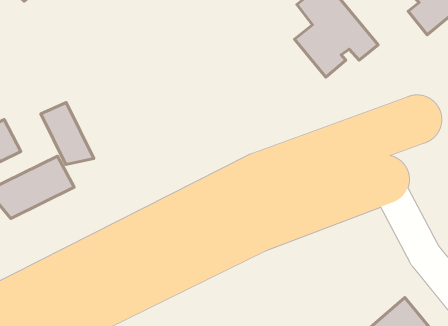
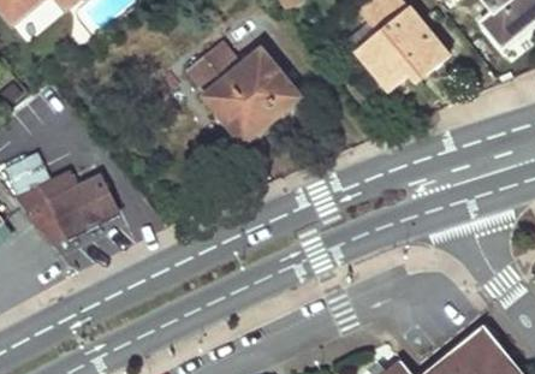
building: none -> [188,42,301,143]
building: [41,102,94,165] -> none

